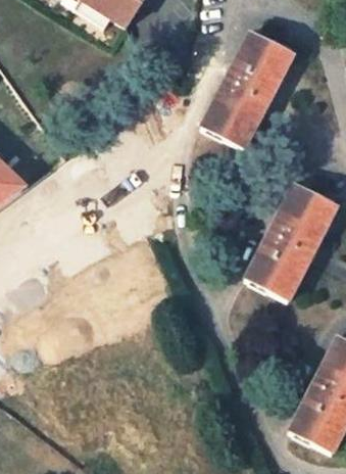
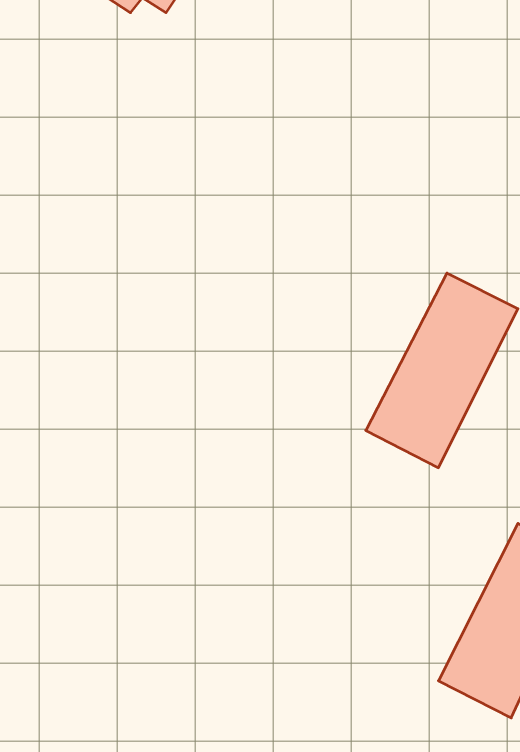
building: [201,31,294,148] -> none

